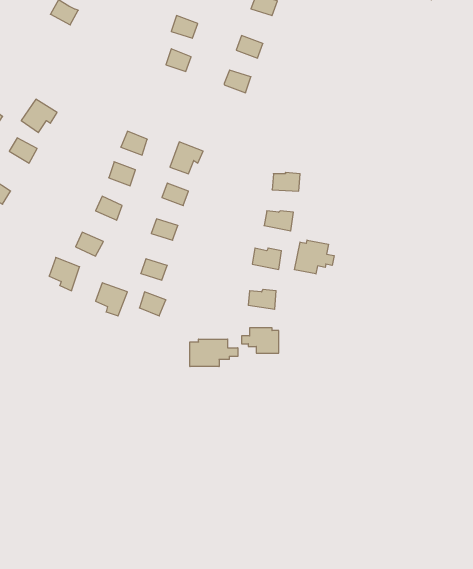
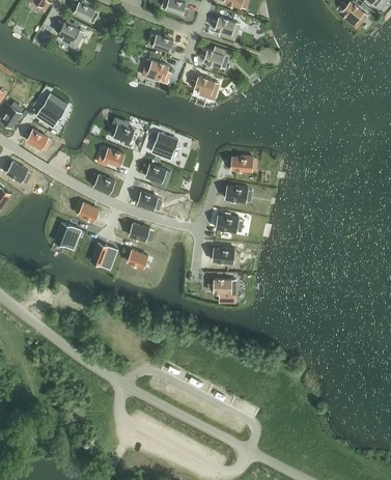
building: [295,240,334,274] -> none
building: [190,339,238,367] -> none

